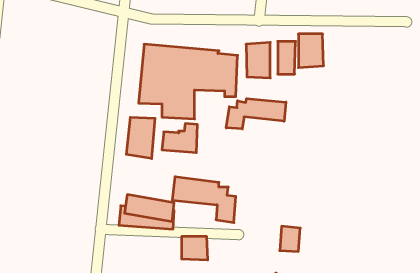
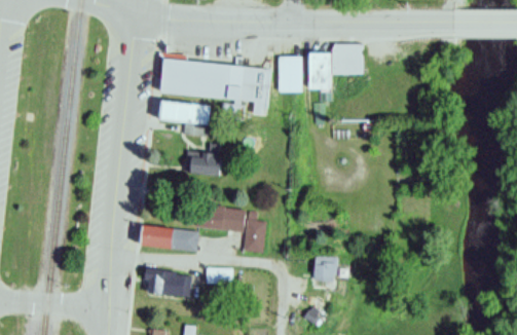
building: [226,99,286,129] -> none
building: [126,117,155,159] -> none
building: none -> [141,265,191,294]

